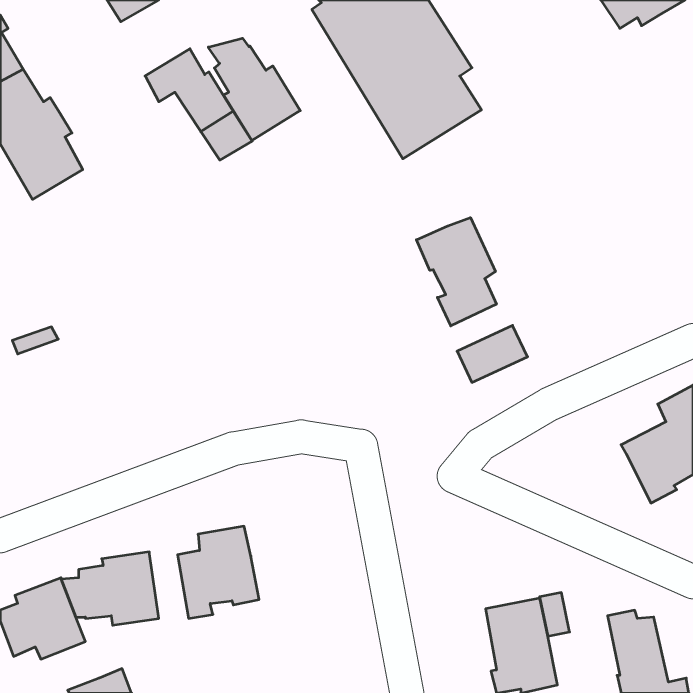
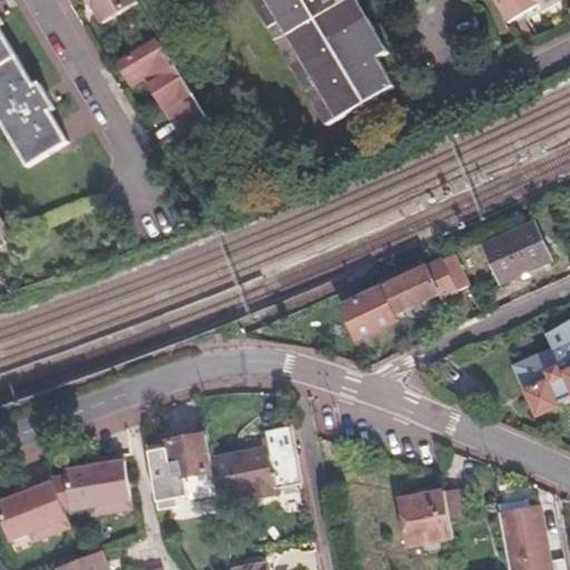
building: [208,38,300,141] -> none
building: [416,218,496,326] -> none
building: none -> [481,220,548,278]
building: none -> [421,254,464,298]
building: none -> [337,288,391,338]
building: none -> [206,425,298,499]

